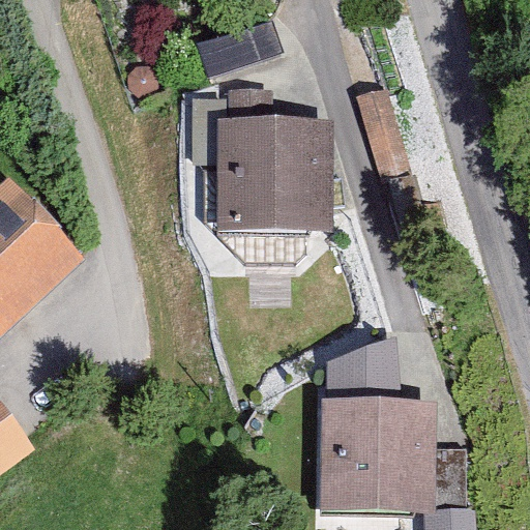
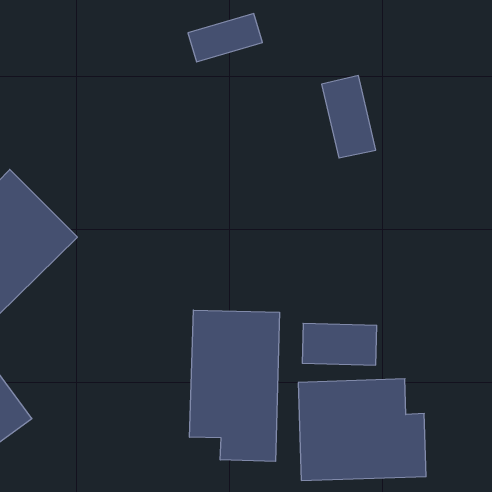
building: [220,123,330,228] -> none
building: none -> [190,310,279,461]

